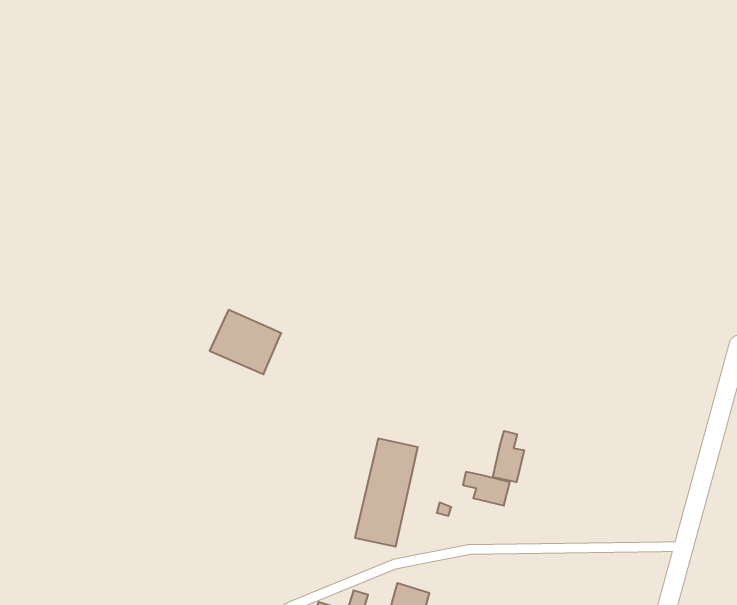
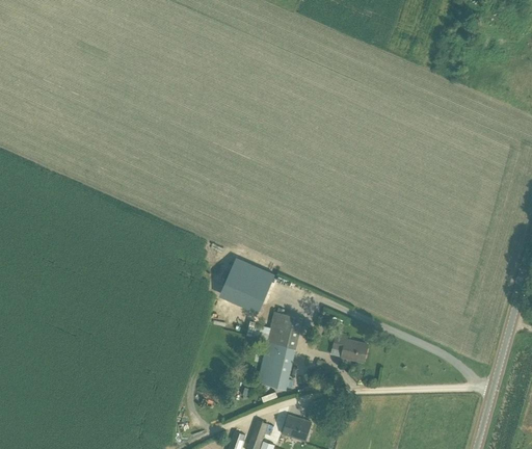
building: [210,310,281,374] -> [223,258,274,303]
building: [493,431,524,482] -> none

